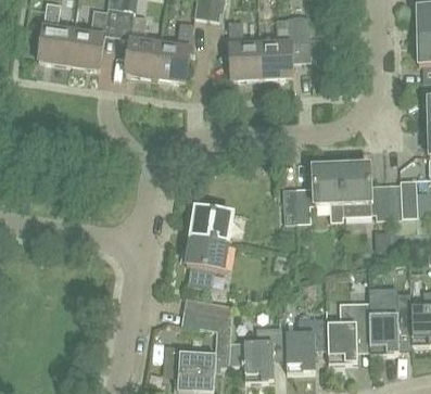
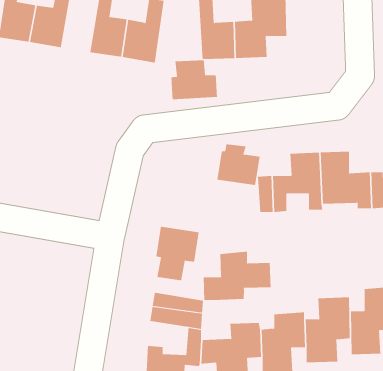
building: none -> [171,59,218,100]
building: [190,202,231,241] -> [216,144,260,186]
building: none -> [203,251,271,301]

